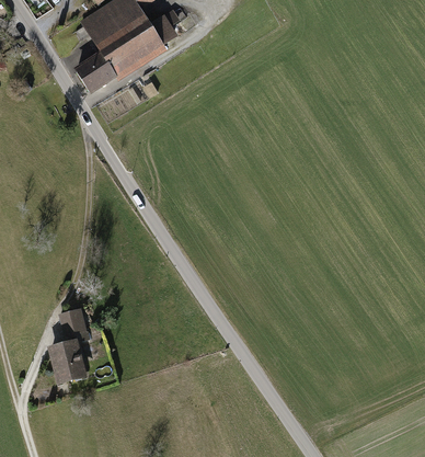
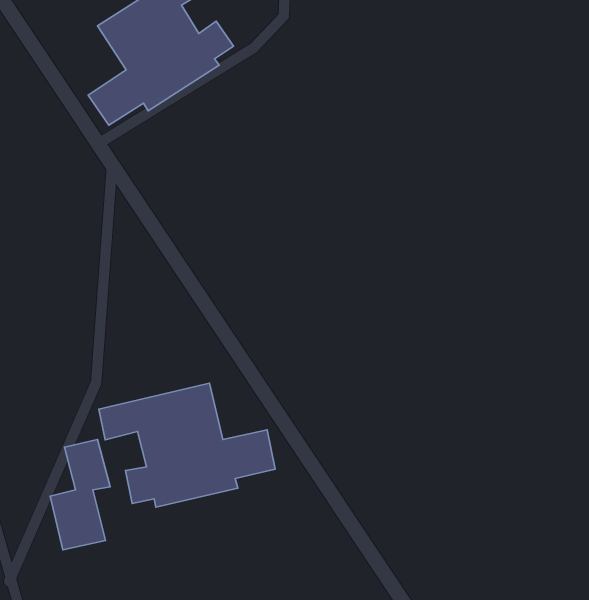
building: none -> [99,383,275,507]

